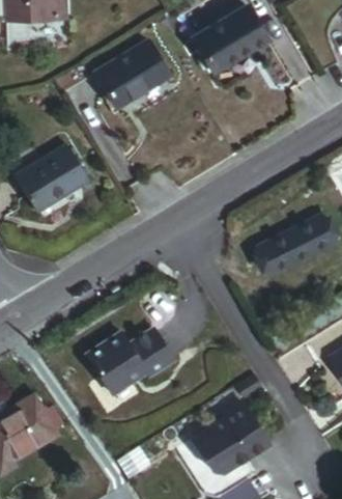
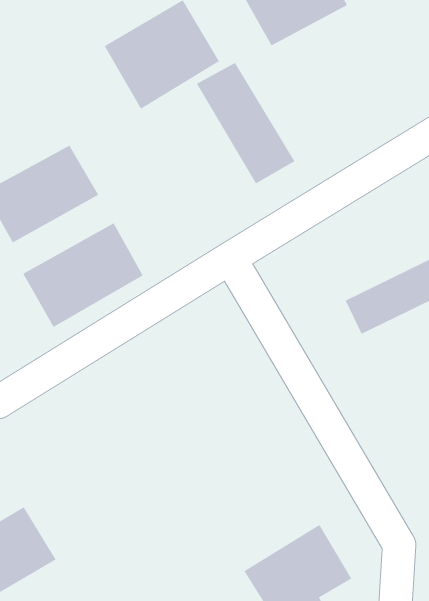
building: none -> [196,62,295,184]
building: none -> [22,222,144,328]
building: [86,329,173,394] -> none

